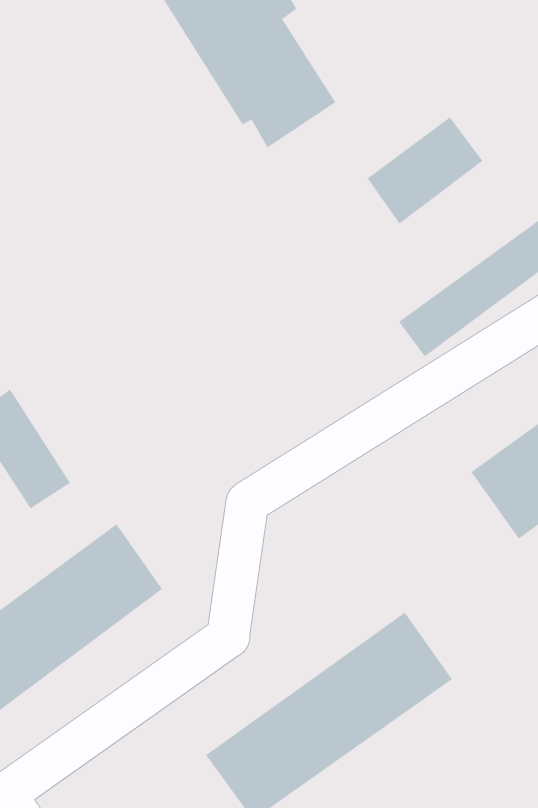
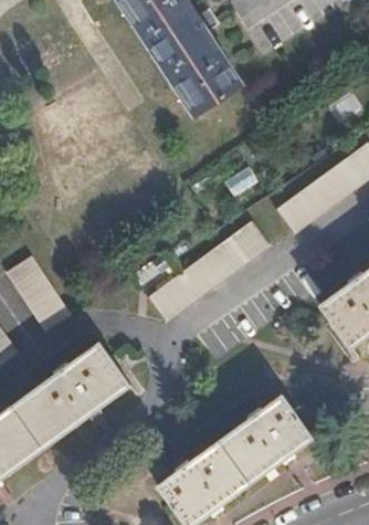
building: [367,116,483,225] -> none
building: none -> [149,223,267,321]

